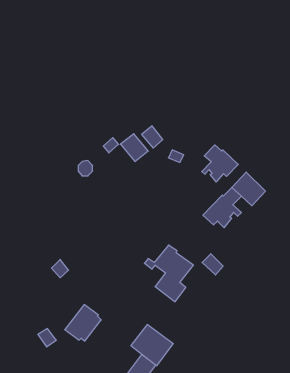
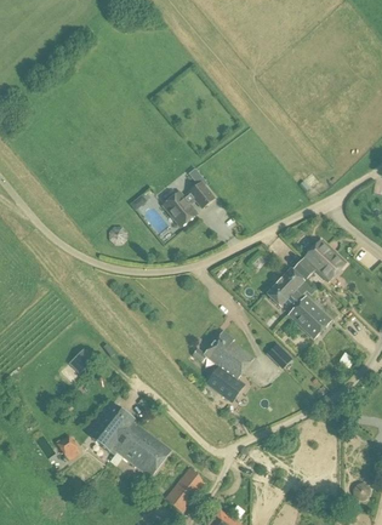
building: [202,145,238,182] -> none
building: none -> [287,295,330,337]
building: [131,325,173,366] -> [116,424,170,477]

